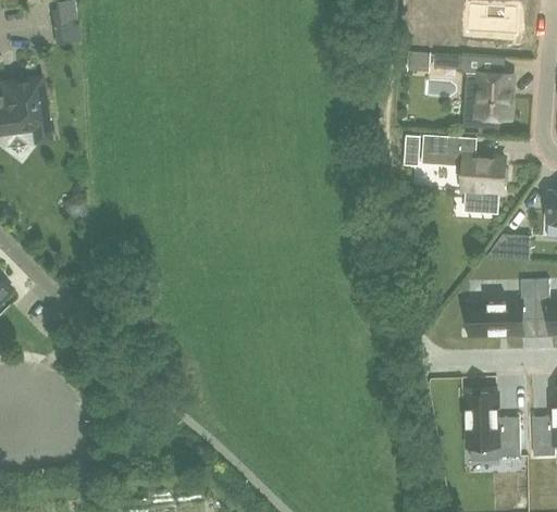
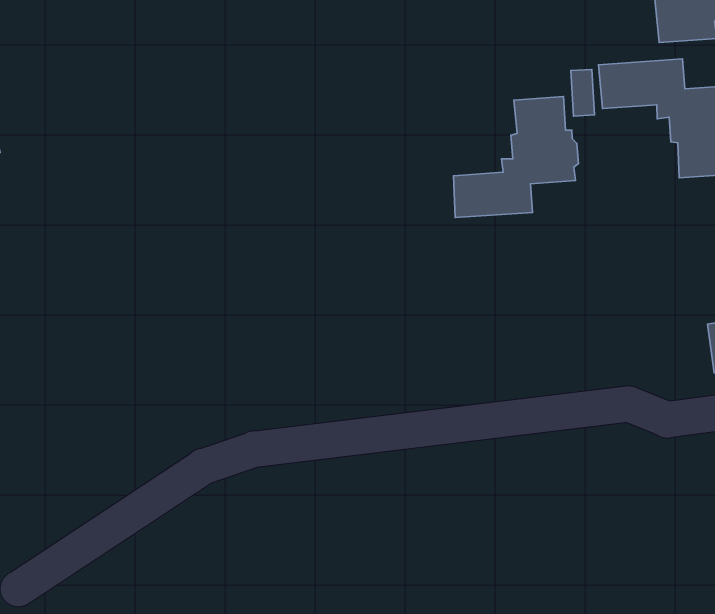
building: none -> [453,97,579,218]

